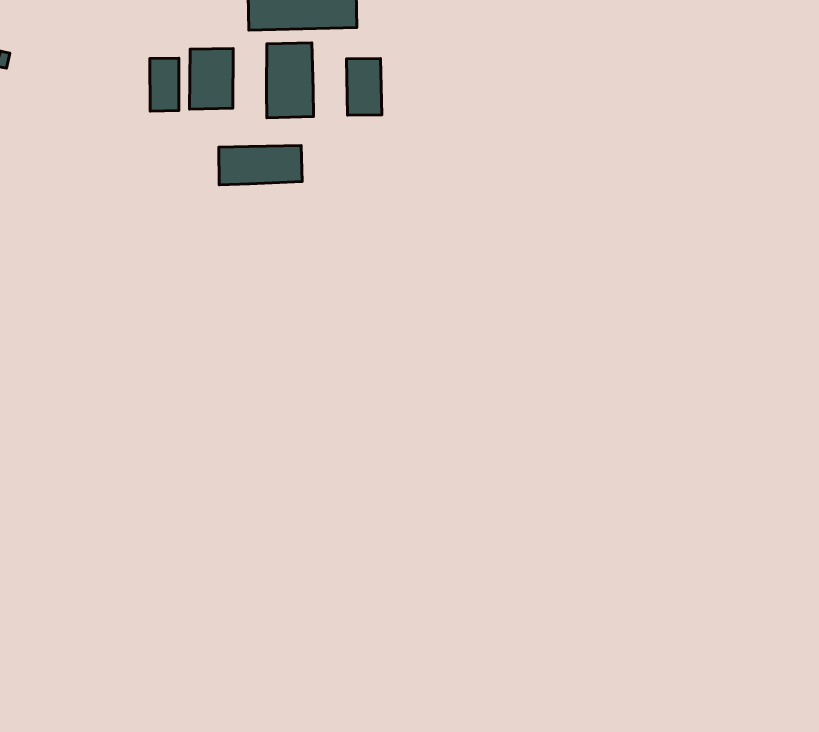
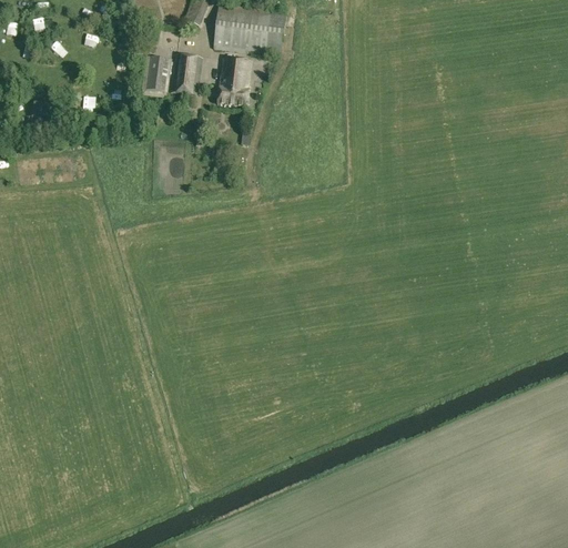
building: [346,58,382,115] -> none
building: [219,145,302,185] -> none

